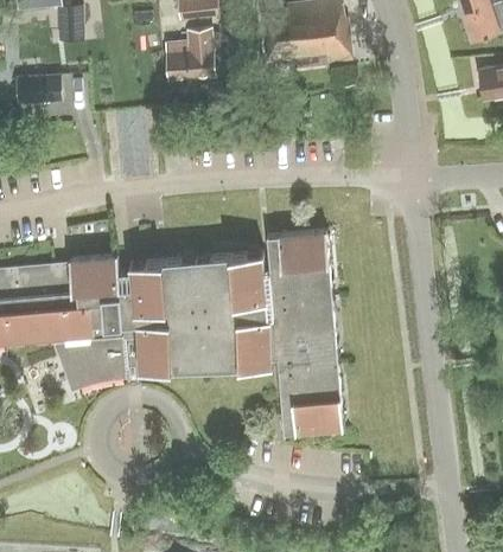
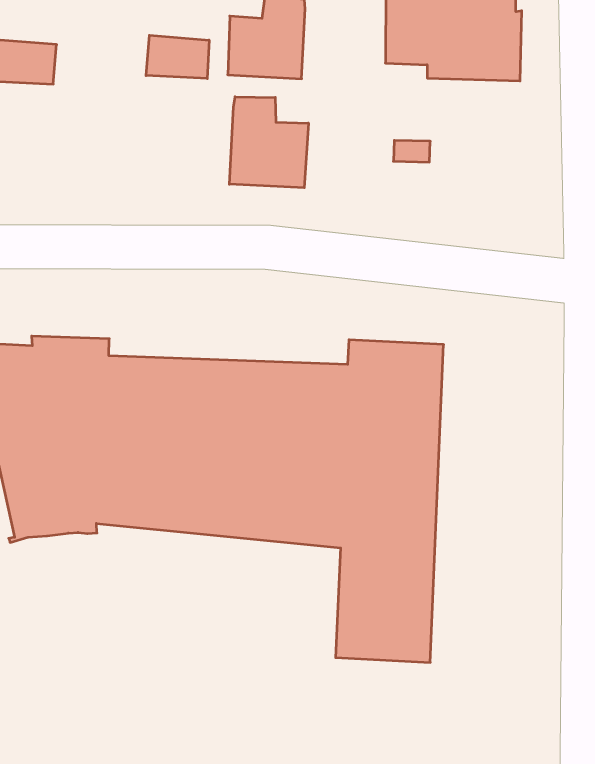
building: none -> [146,35,209,79]
building: none -> [229,97,308,188]

